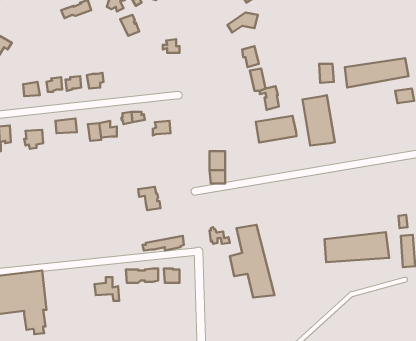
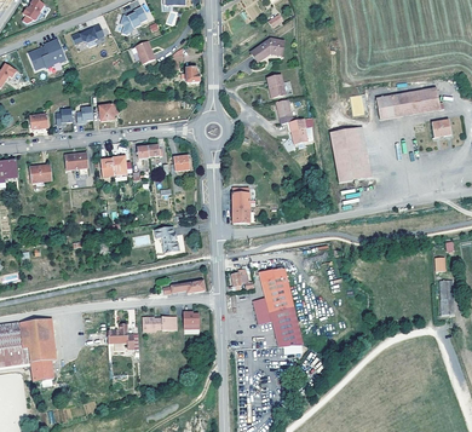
building: none -> [28,40,65,70]
building: [256,116,297,143] -> none
building: [325,232,389,262] -> none

